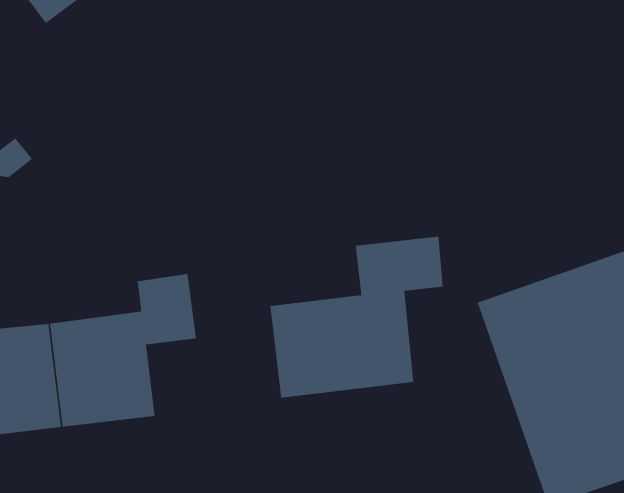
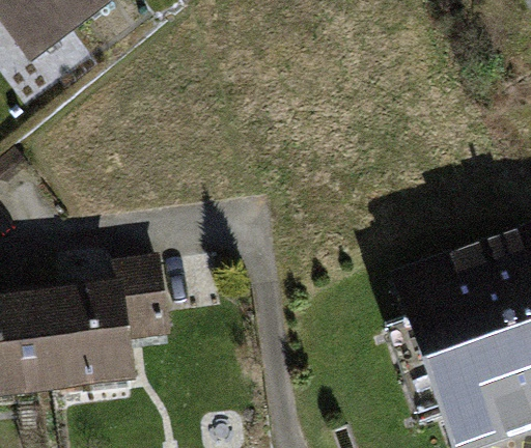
building: [270,236,443,398] -> none

